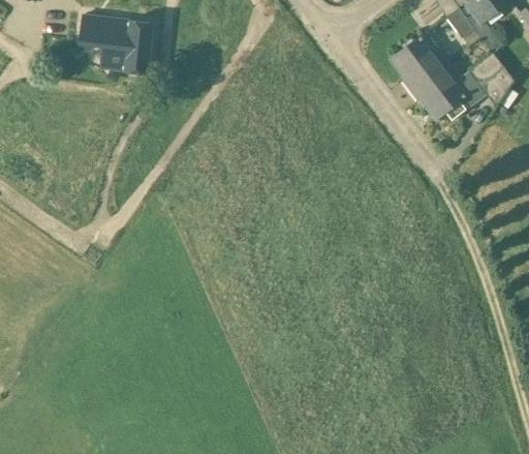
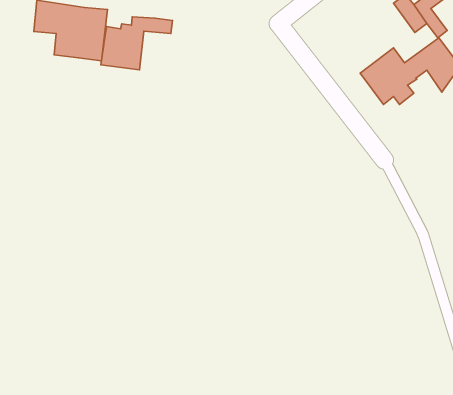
building: none -> [101,17,173,70]
building: [390,33,445,88] -> none

